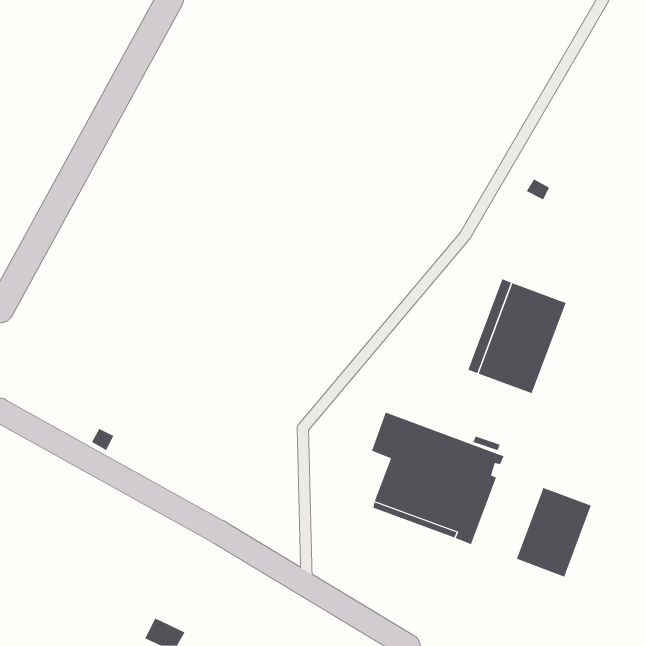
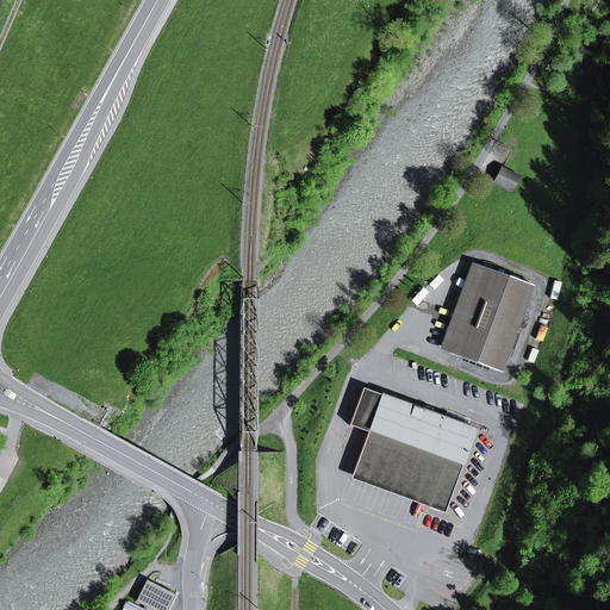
building: [516,487,591,577] -> none

